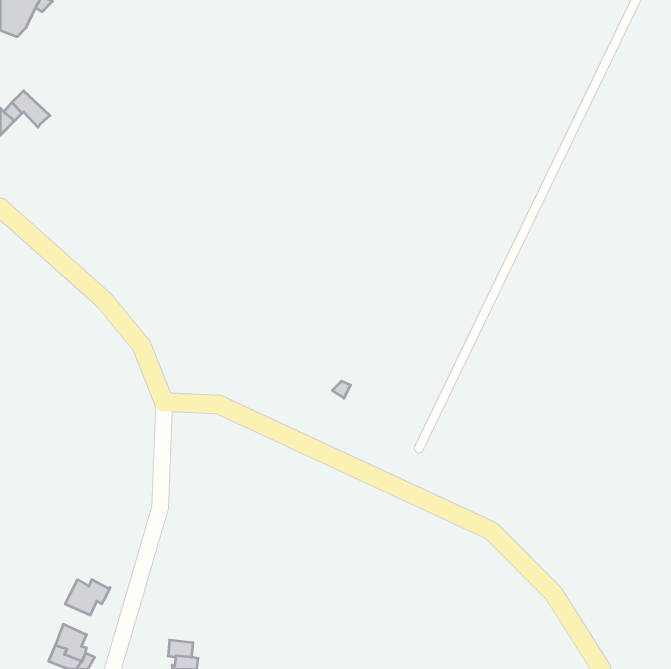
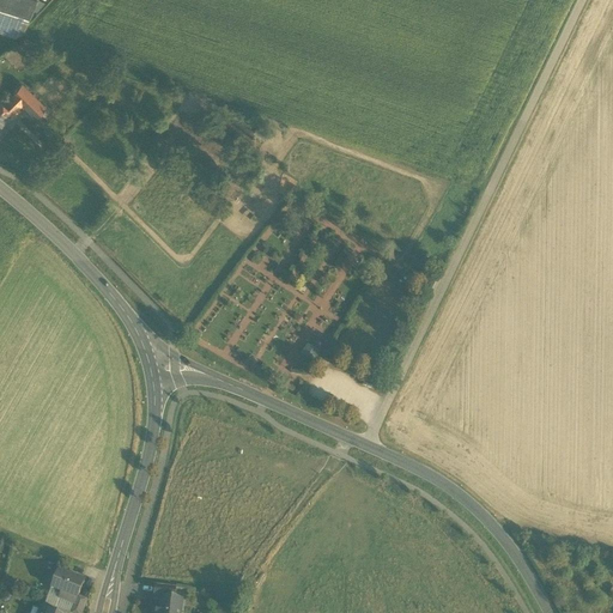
building: [65,580,110,615] -> none

